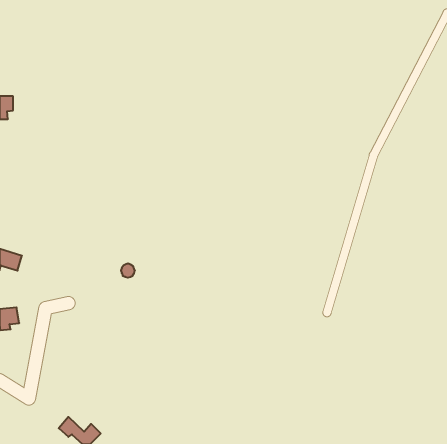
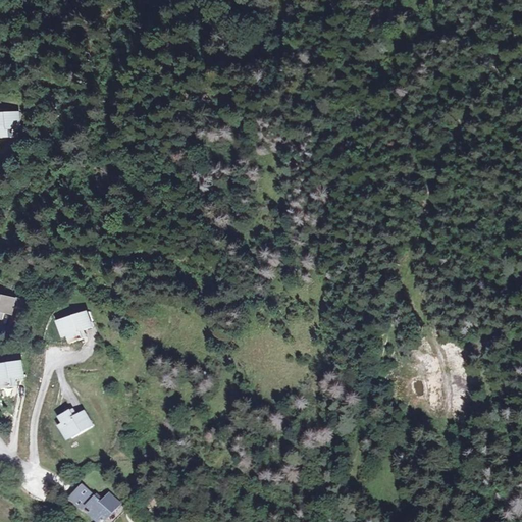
building: none -> [62,310,92,341]
building: none -> [56,409,90,436]

